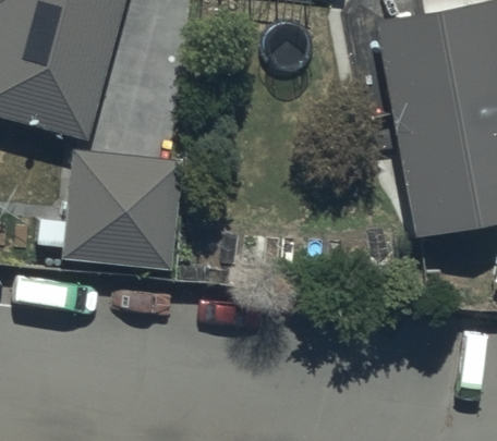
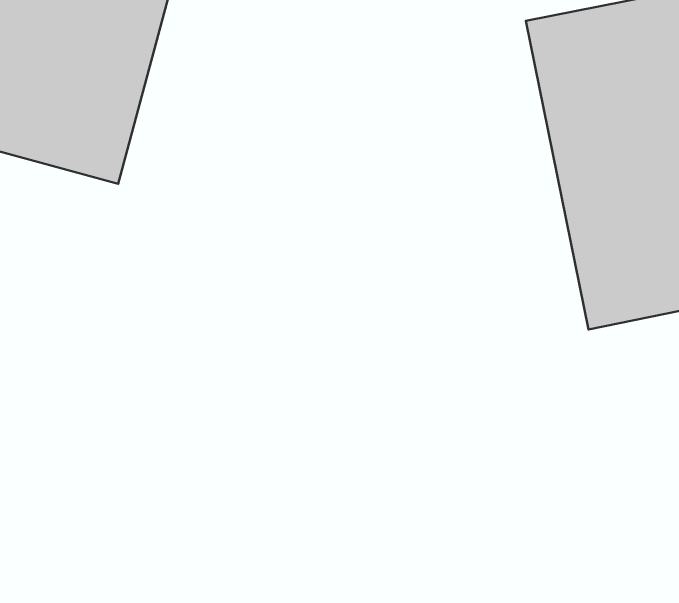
building: [61,150,183,266] -> none

